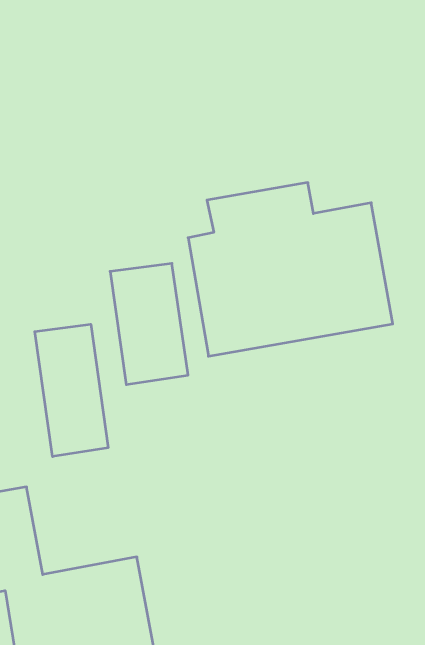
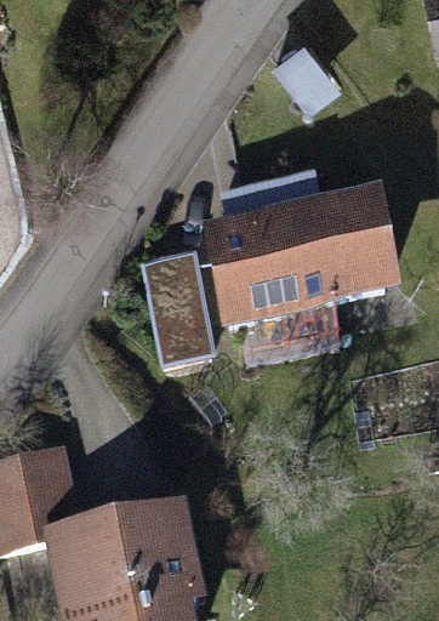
building: [35,324,108,457] -> none

